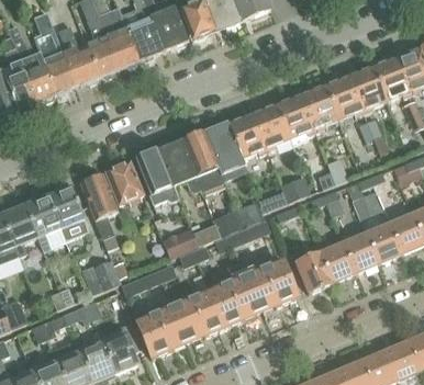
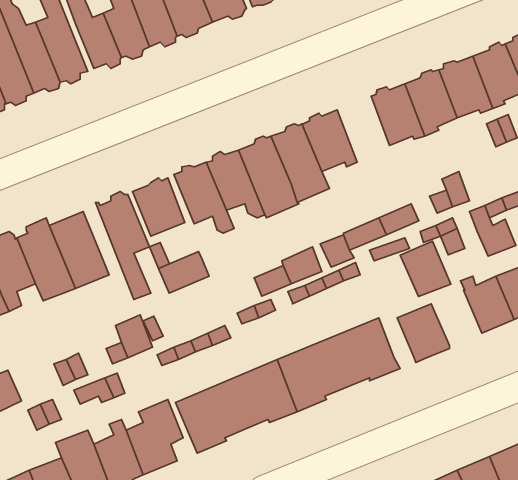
building: [253,103,290,150] -> none
building: [163,228,199,258] -> [159,252,209,293]
building: [320,241,356,281] -> [400,241,451,297]

